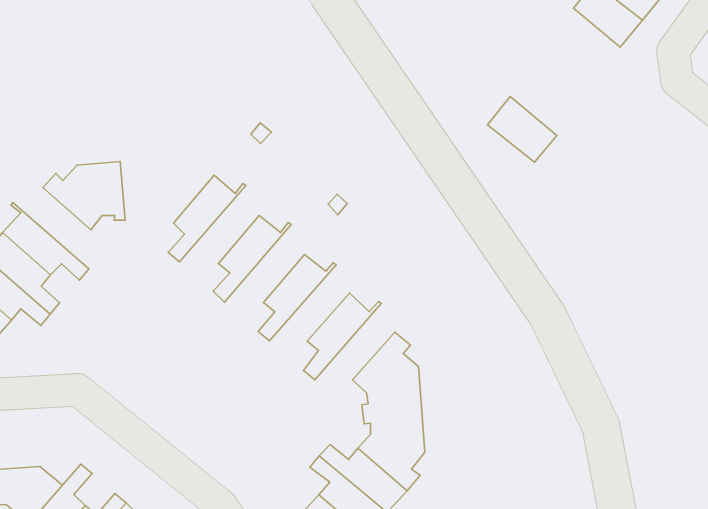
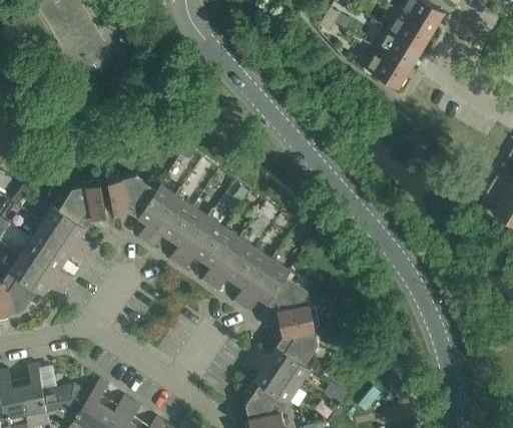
building: [488,96,557,162] -> [365,47,410,87]
building: none -> [108,175,161,219]
building: none -> [146,187,193,248]
building: none -> [35,205,95,254]
building: none -> [178,208,225,269]
building: none -> [210,231,258,290]
building: none -> [242,252,290,311]

